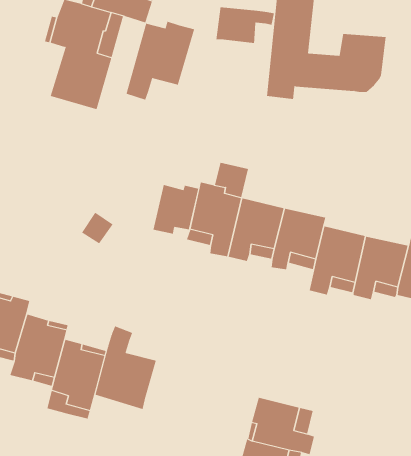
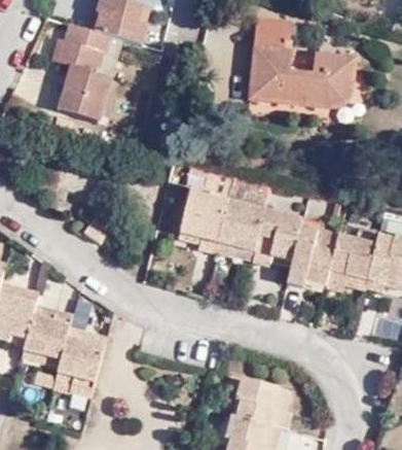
building: [216,7,275,44] -> none
building: [126,21,195,101] -> none
building: none -> [227,174,270,209]
building: [153,184,199,234] -> none
building: [95,325,156,410] -> none

